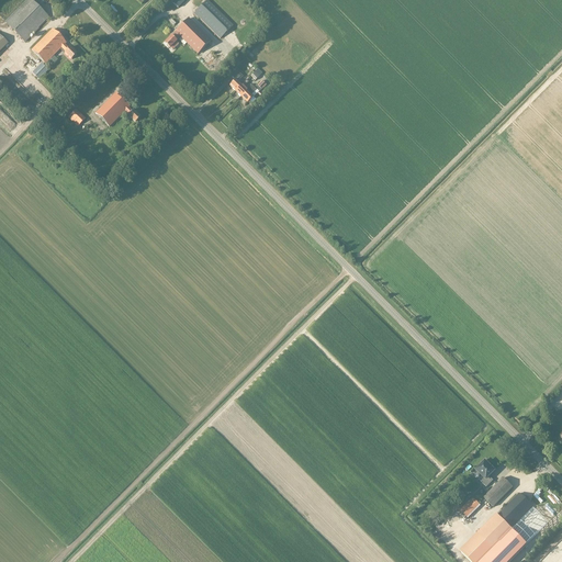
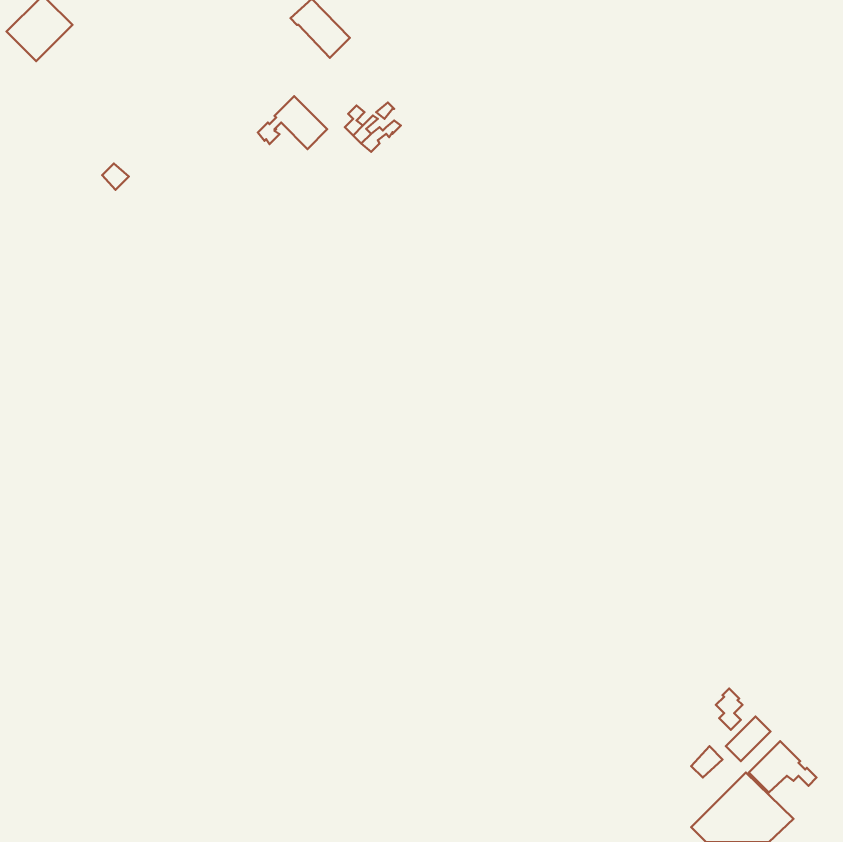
building: [165,18,211,53] -> [258,96,327,149]
building: [32,29,77,64] -> none
building: [95,91,140,126] -> none

